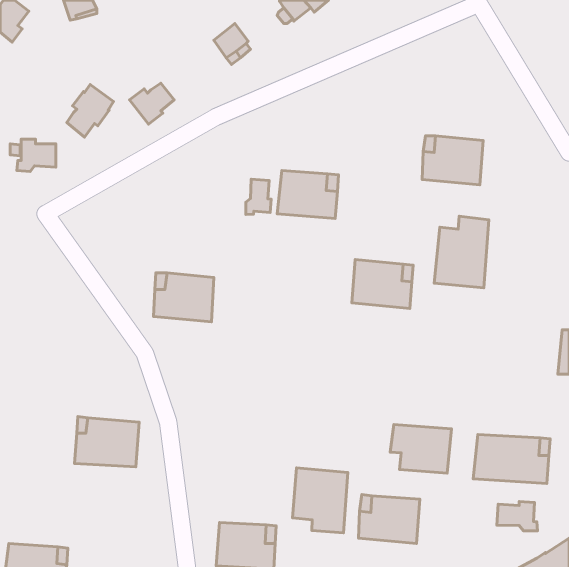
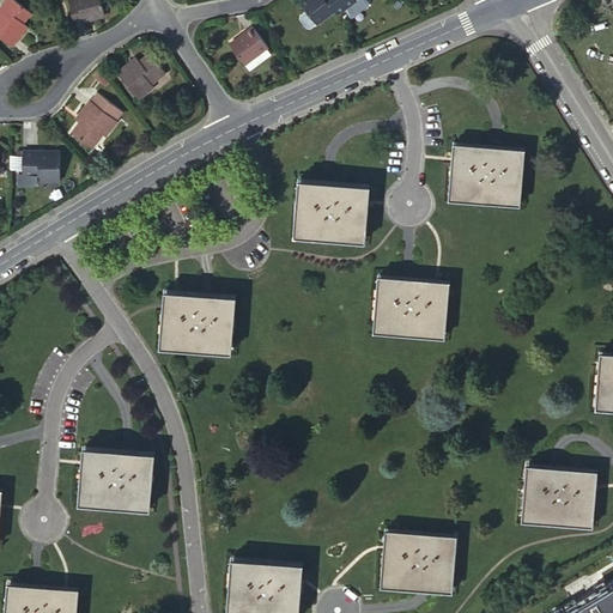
building: [130,83,174,124] -> [117,55,165,99]
building: [246,179,271,215] -> none
building: [434,216,489,288] -> none
building: [390,425,451,473] -> none
building: [293,468,348,533] -> none
building: [497,502,537,531] -> none

